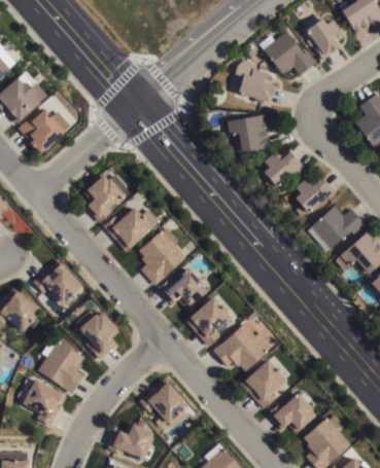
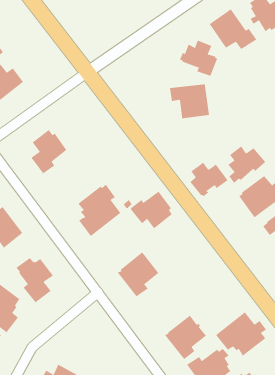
building: [263,149,304,186] -> [190,162,228,197]
building: [102,207,158,251] -> none
building: [157,267,203,309] -> [129,191,173,229]
building: [213,324,268,372] -> [215,311,267,357]
building: [140,379,188,428] -> none

